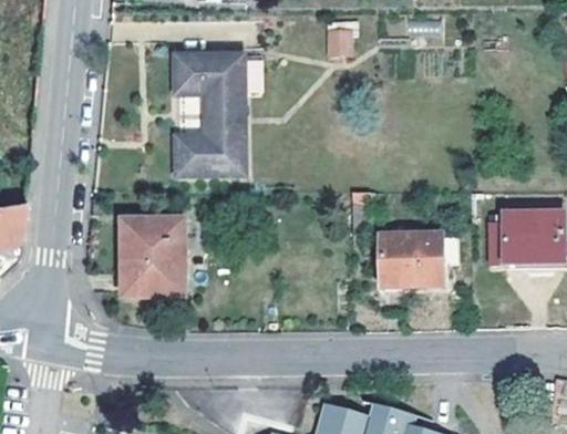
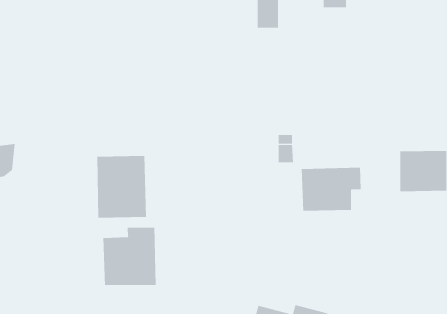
building: [173,53,245,176] -> none
building: none -> [103,227,156,286]

